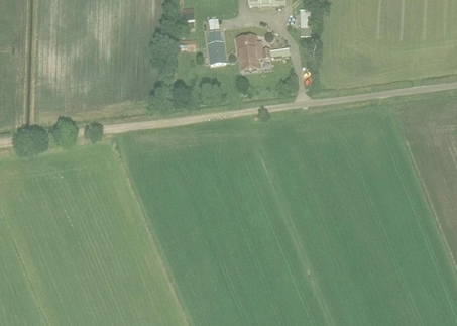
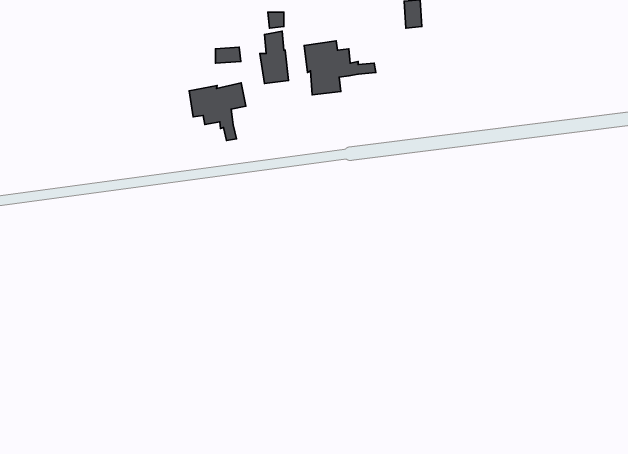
building: none -> [189,83,246,140]

